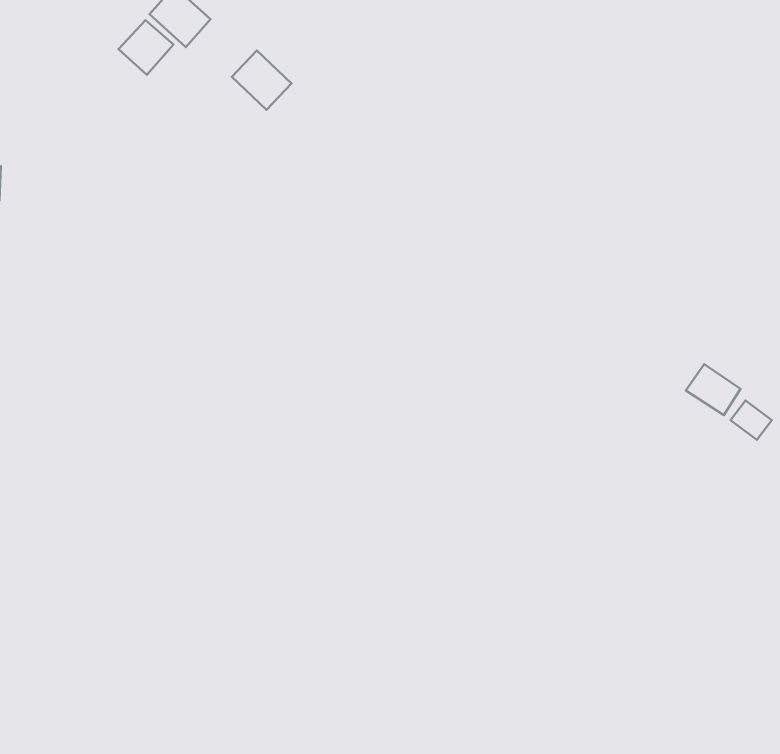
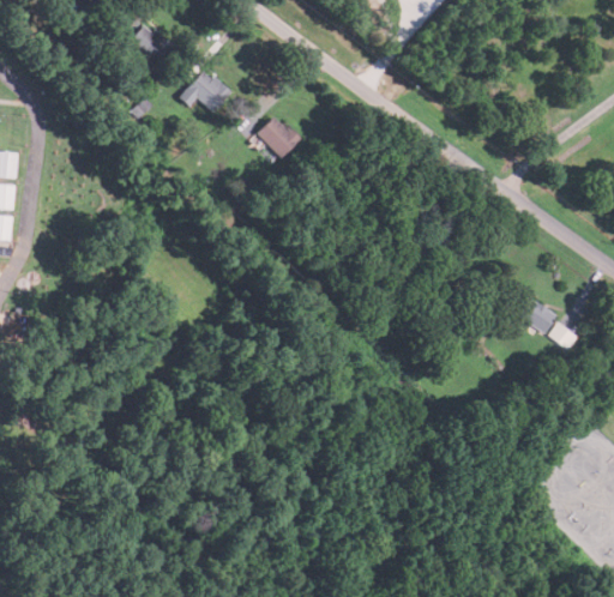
building: [118,20,174,75] -> none
building: none -> [253,115,297,161]

